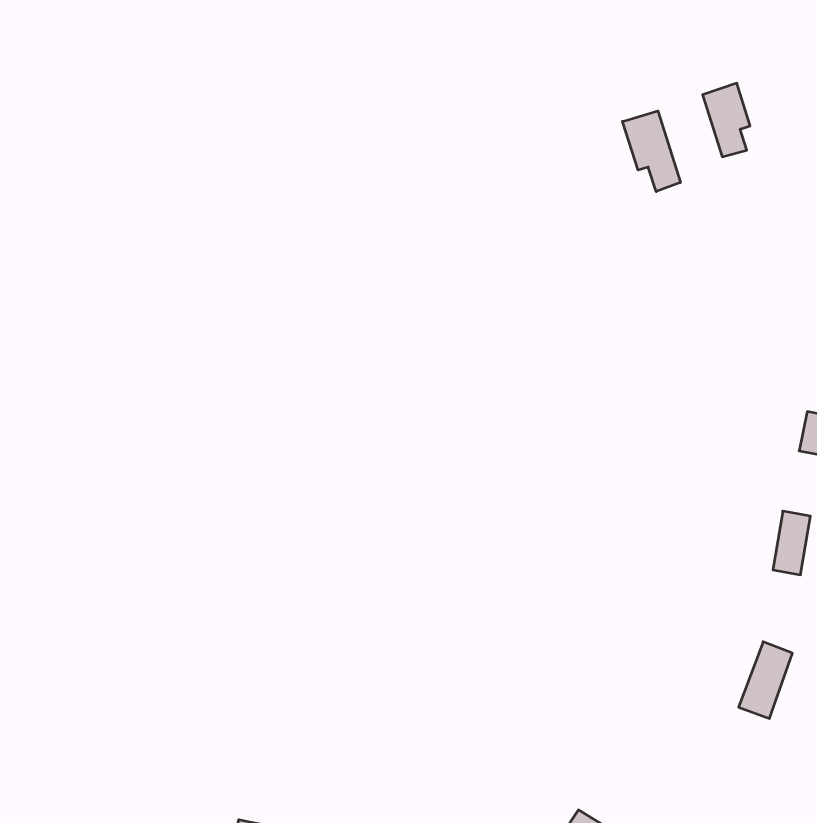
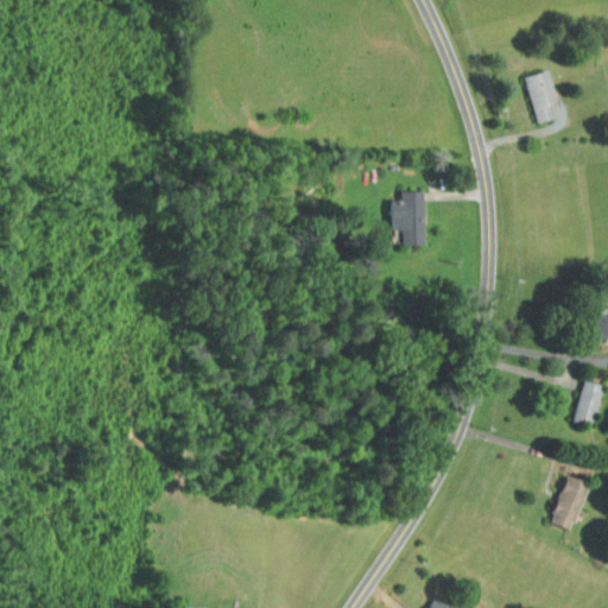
building: [622,111,680,192] -> none
building: none -> [391,190,425,243]

